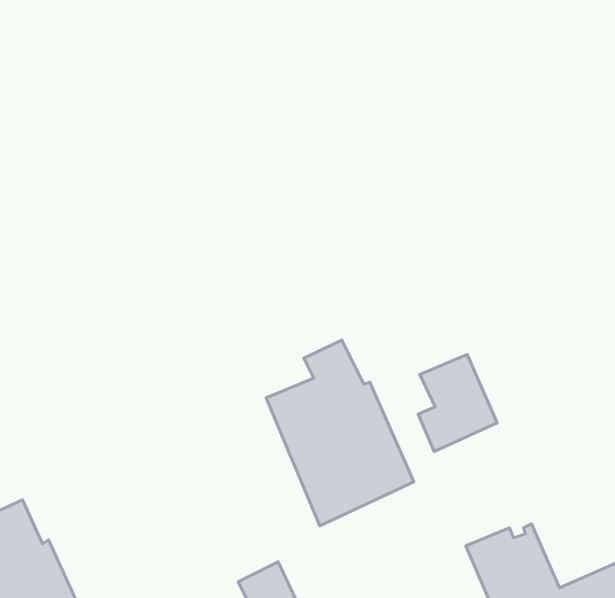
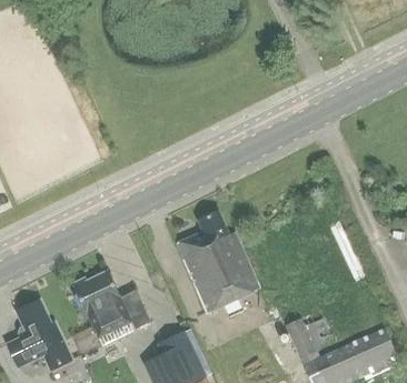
building: [418,354,497,452] -> none
building: none -> [75,271,151,336]

